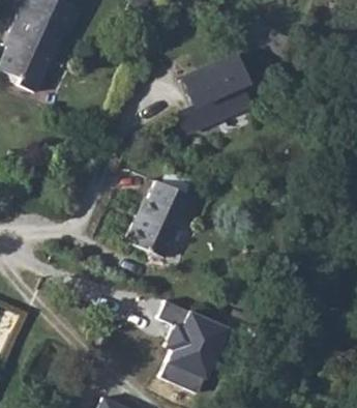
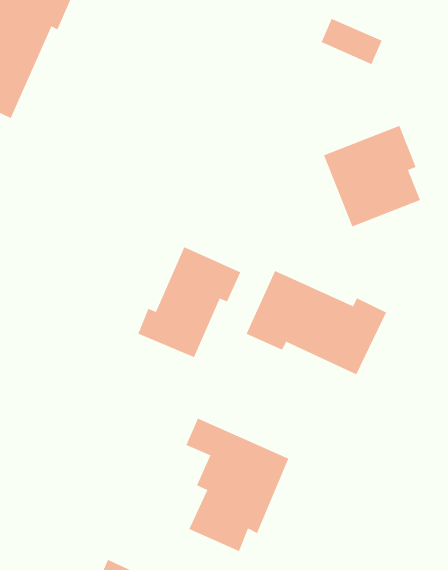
building: [184,56,251,126] -> [323,125,421,227]
building: none -> [246,270,387,375]

